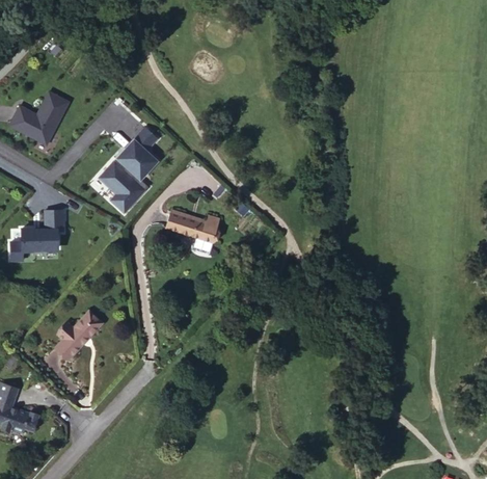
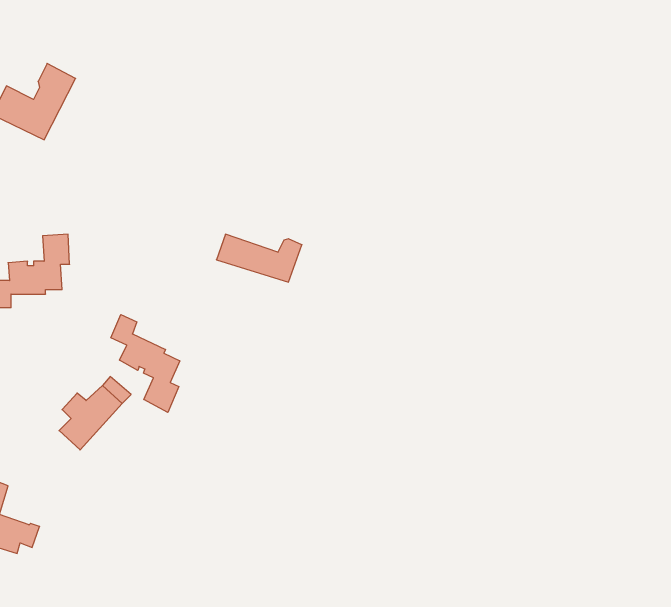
building: [101,127,156,212] -> none
building: none -> [111,315,180,412]

